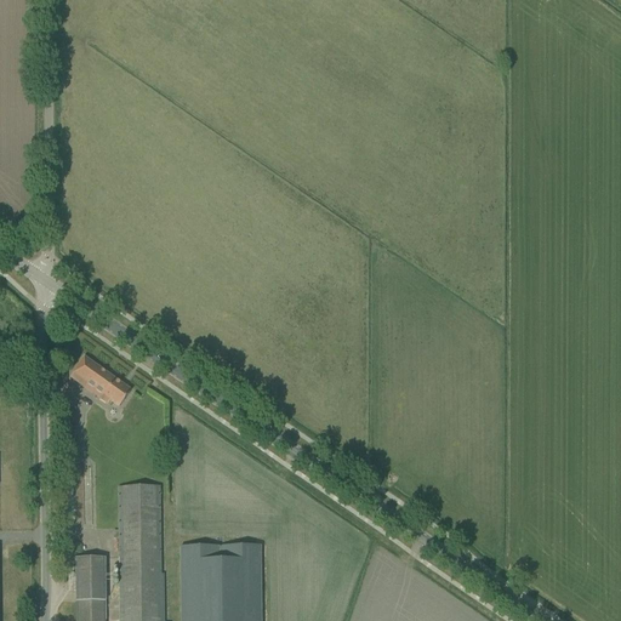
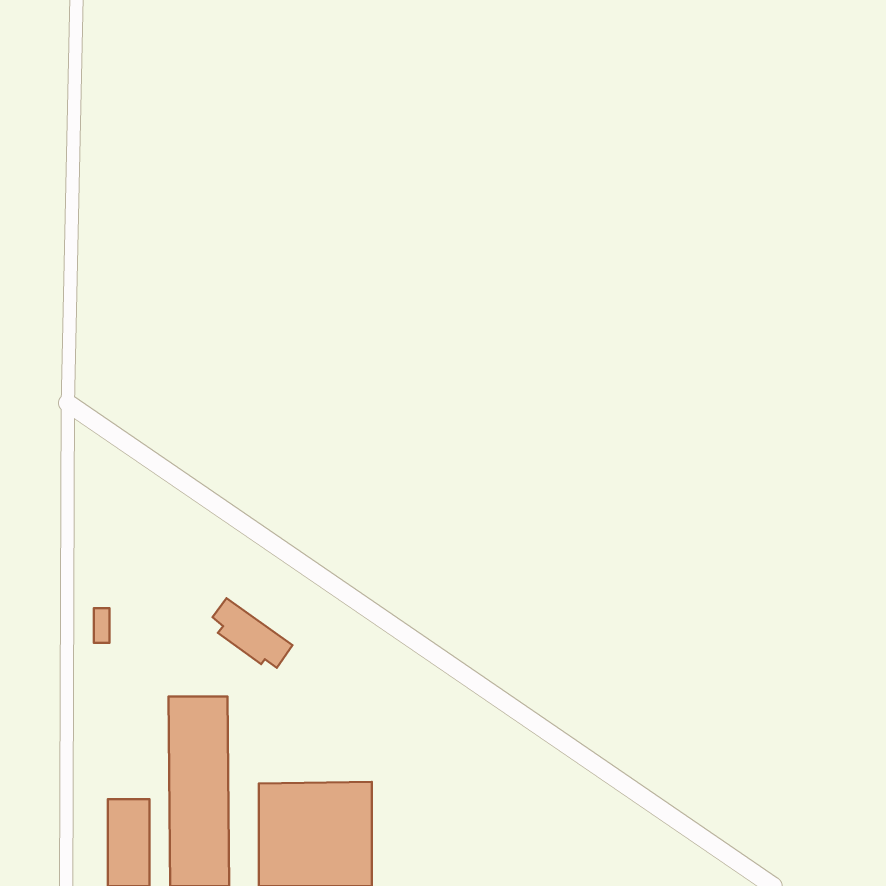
building: [75,358,131,406] -> [213,598,293,668]

